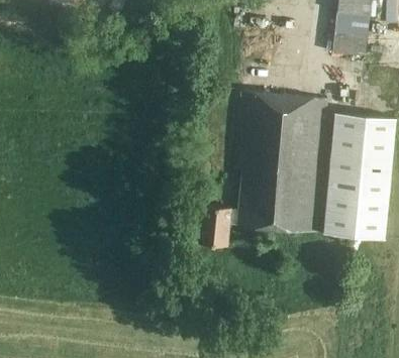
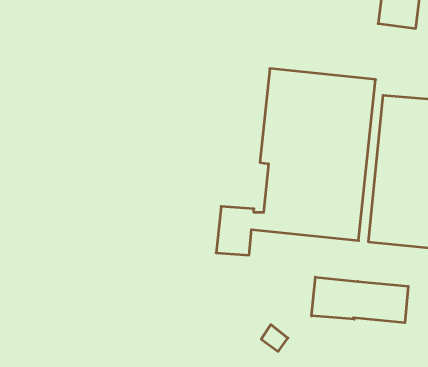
building: none -> [312,277,408,323]

